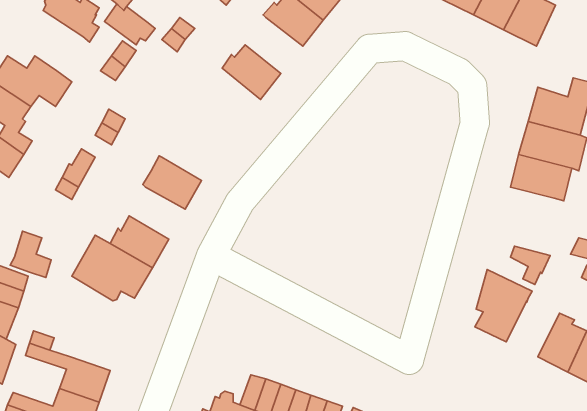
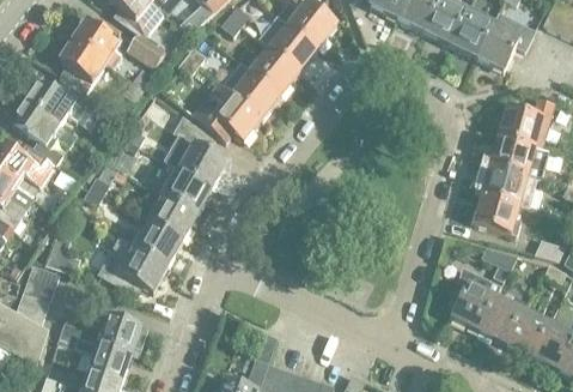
building: none -> [59,40,108,92]
building: none -> [248,46,300,95]
building: none -> [191,82,263,141]
building: none -> [173,115,227,188]
building: none -> [146,192,197,240]
building: none -> [474,194,520,234]
building: none -> [478,291,526,343]
building: none -> [97,309,148,355]

